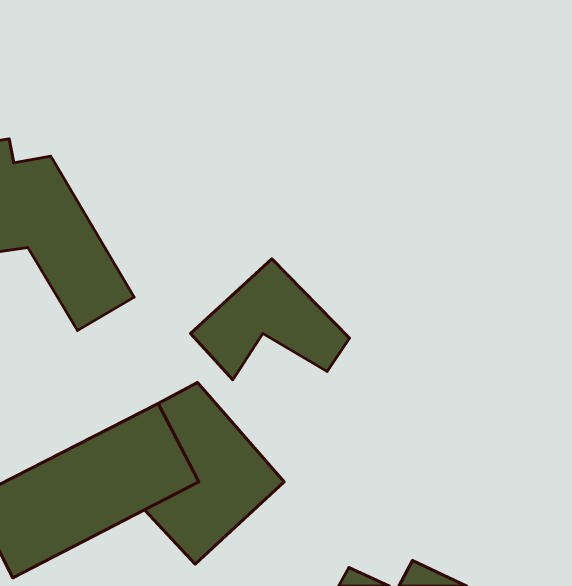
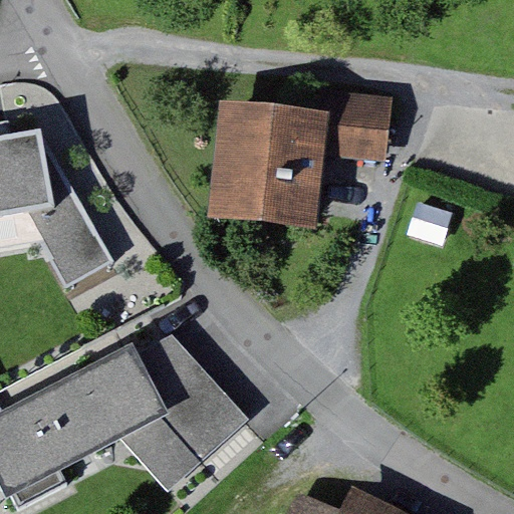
building: none -> [195,91,375,229]
building: [191,259,349,380] -> none

